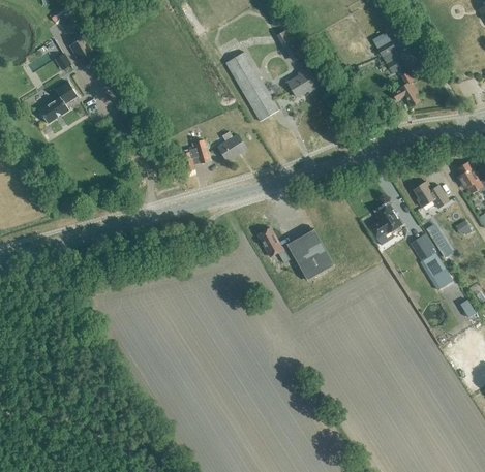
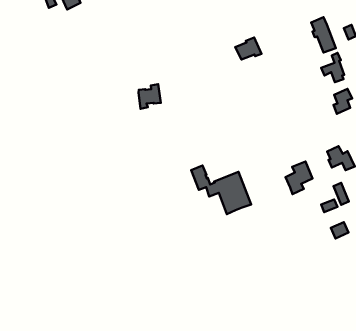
building: [225,52,278,121] -> none
building: [38,81,78,123] -> none
building: none -> [333,89,352,114]
building: [218,131,246,160] -> none

